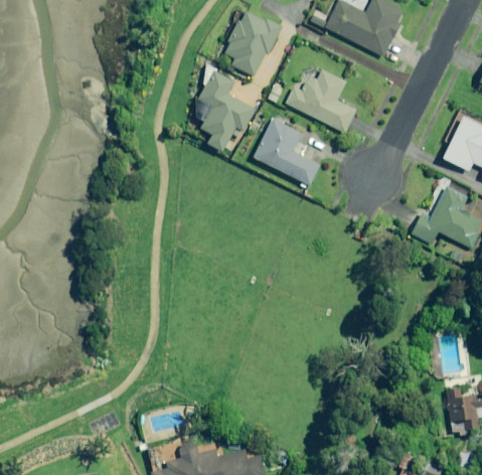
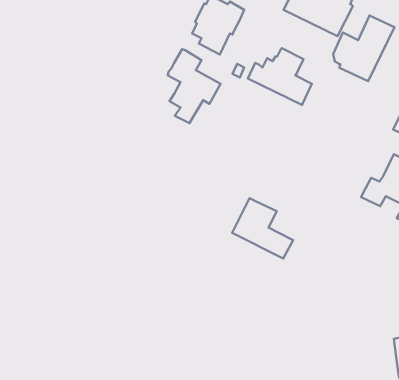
building: none -> [333,15,394,81]
building: [252,119,319,185] -> [232,198,293,259]

